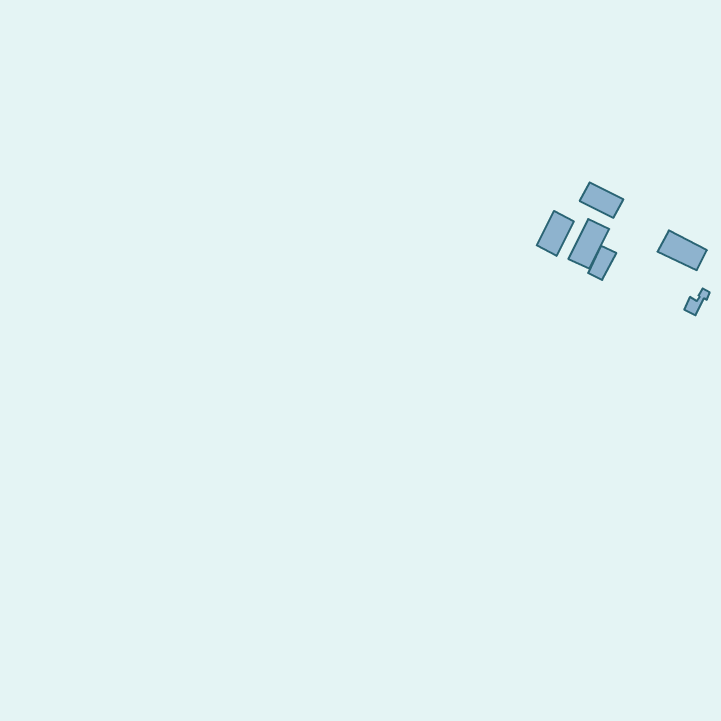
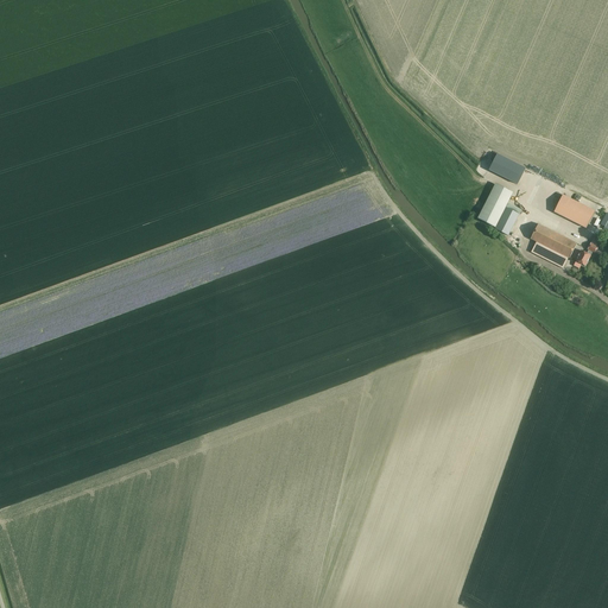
building: [537,211,574,256] -> none
building: none -> [530,223,576,268]

